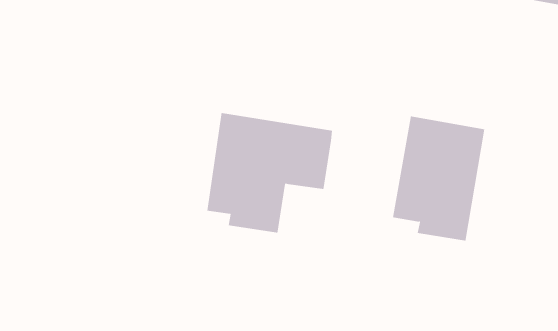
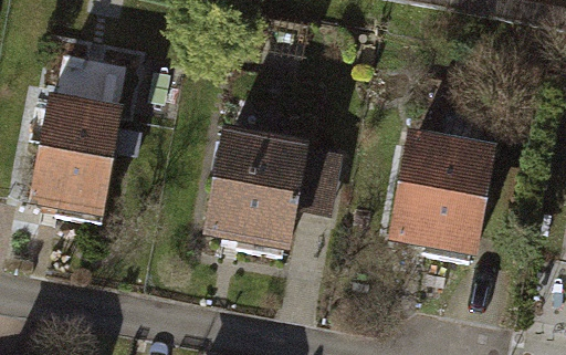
building: none -> [31,92,120,213]

